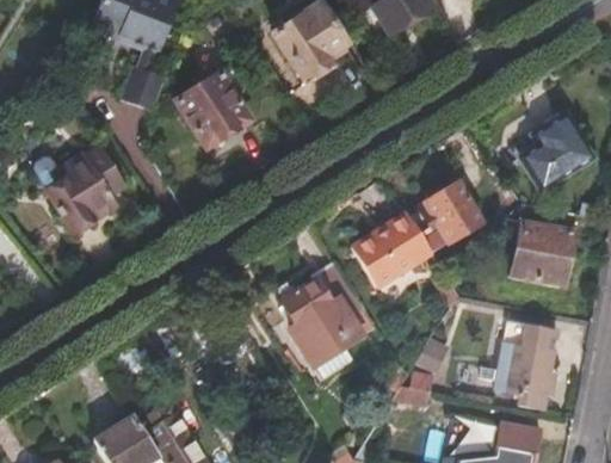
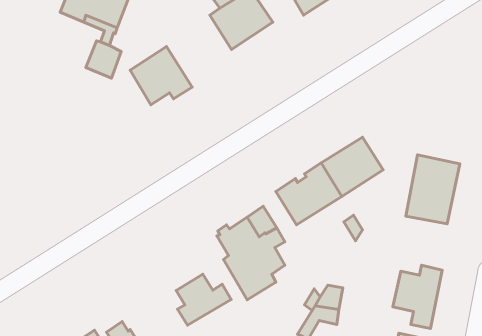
building: [520,113,591,191] -> none
building: [48,152,116,229] -> none
building: none -> [176,274,231,325]

